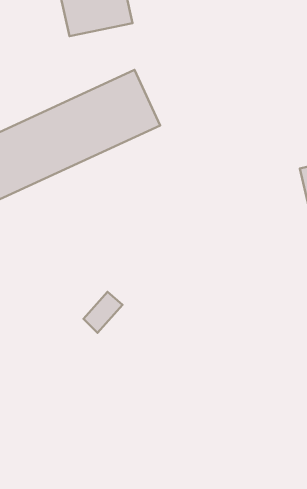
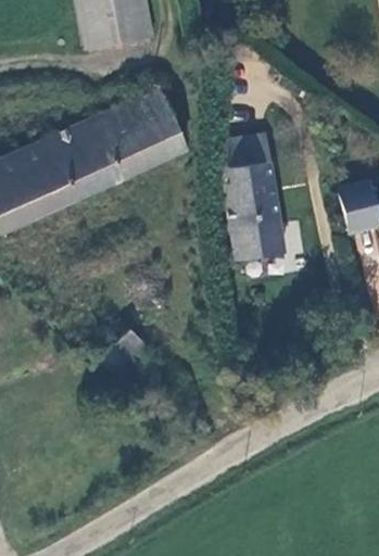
building: none -> [219,132,282,261]

